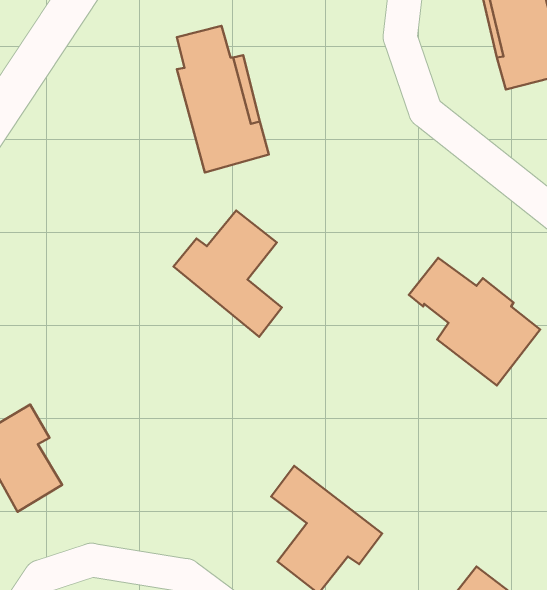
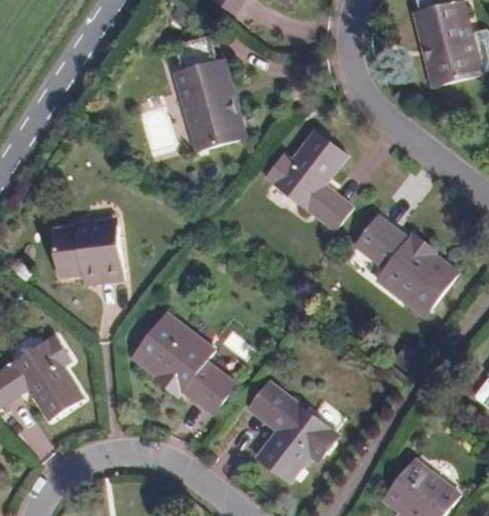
building: [174,210,282,337] -> [264,128,350,228]
building: none -> [52,214,124,283]
building: none -> [130,312,231,412]

